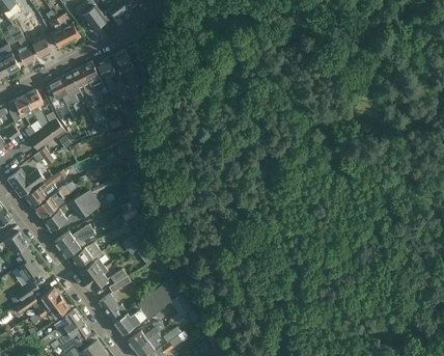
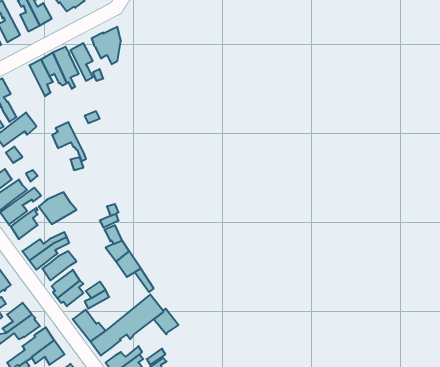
building: [45,78,75,112] -> [52,122,86,161]

